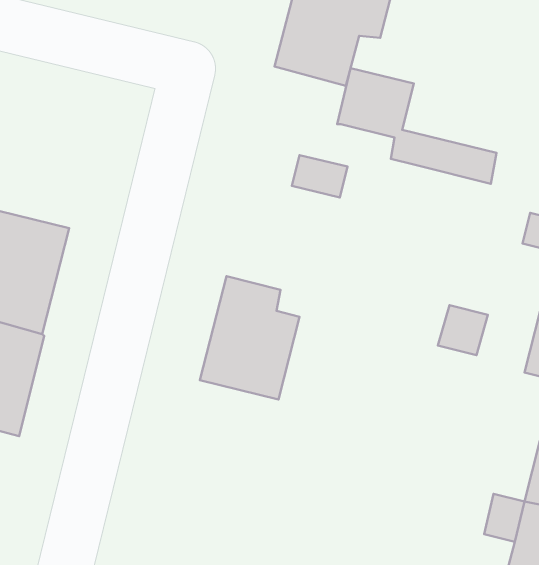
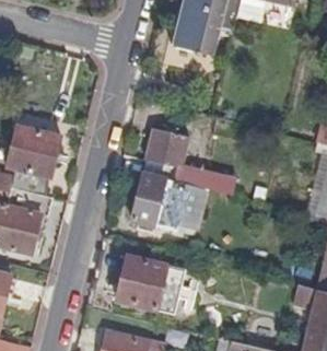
building: [337,68,496,184] -> [144,130,235,196]
building: none -> [117,257,183,314]

